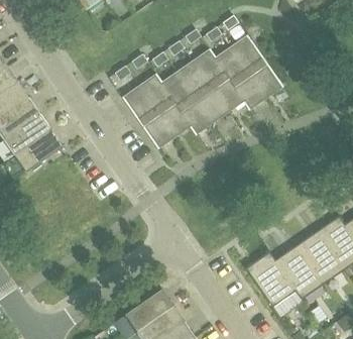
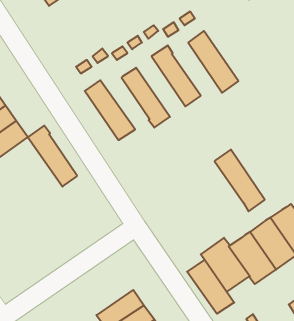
building: [214,46,266,111] -> [215,150,265,211]
building: [176,61,228,124] -> none
building: [139,74,191,137] -> [28,126,77,187]
building: none -> [187,260,234,314]
building: [124,288,173,331] -> none

